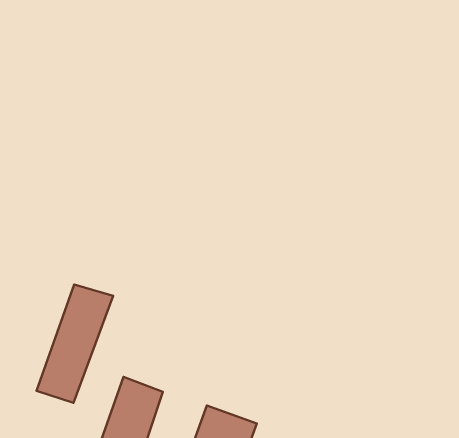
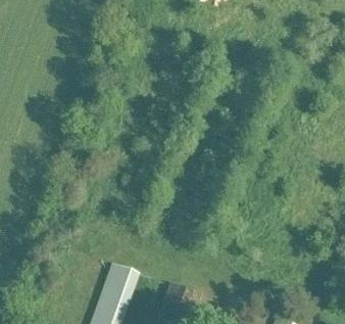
building: [36,284,113,403] -> none

